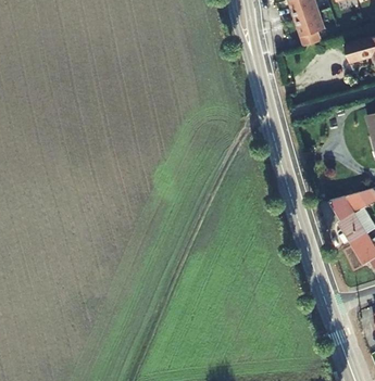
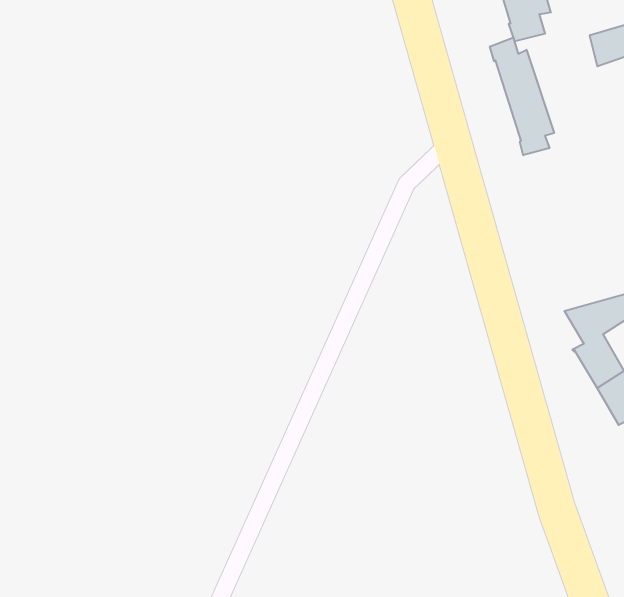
building: none -> [490,38,554,155]

